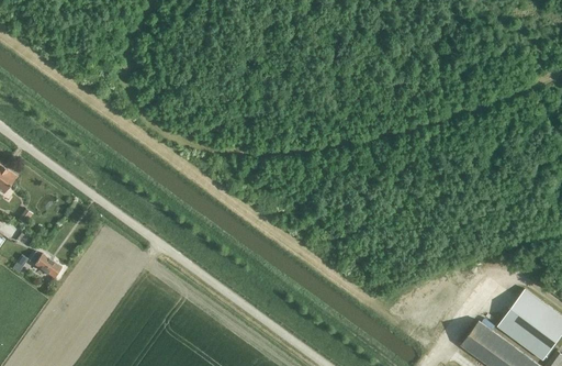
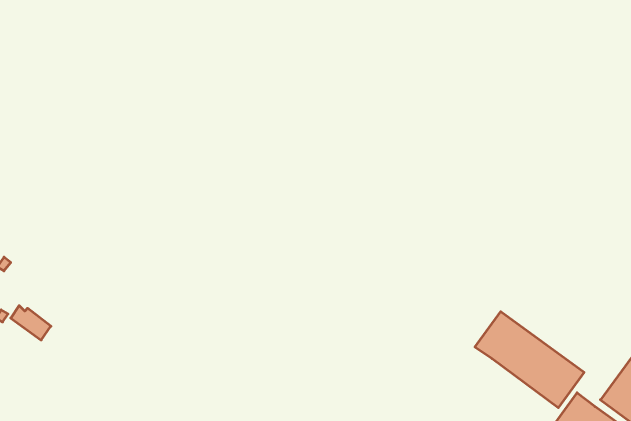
building: none -> [475,312,584,408]

